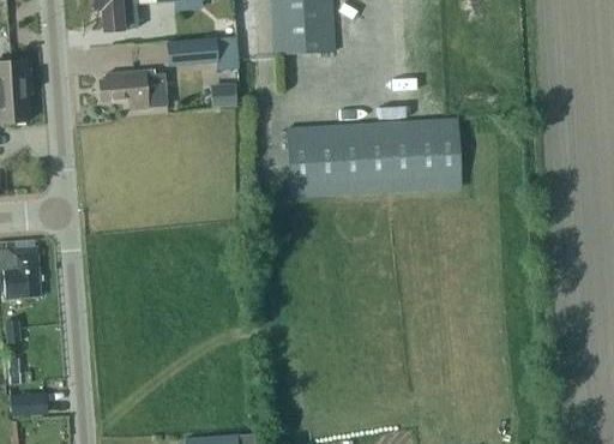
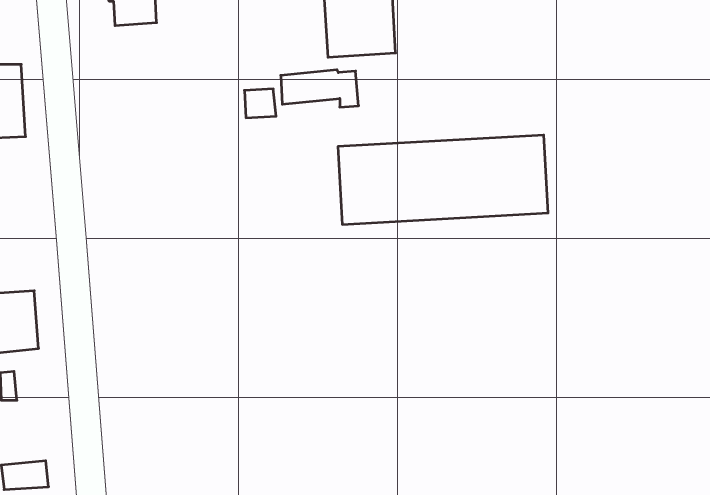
building: [169,36,234,67] -> [281,70,359,107]
building: [100,68,167,108] -> none

